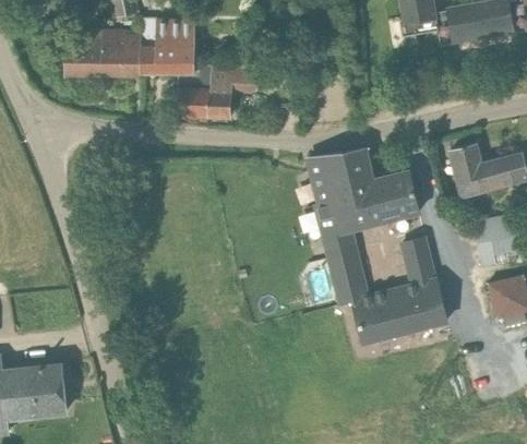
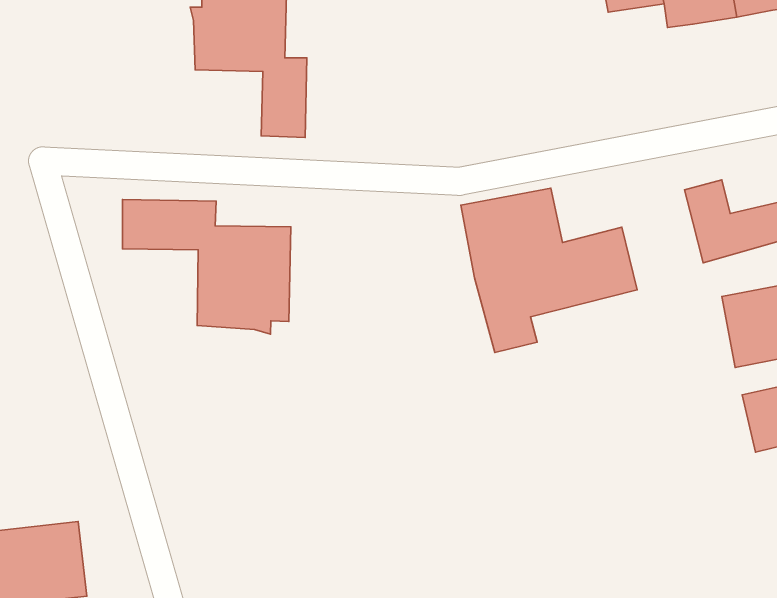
building: [67,32,135,72] -> none
building: [206,64,259,117] -> none
building: none -> [123,200,291,334]
building: [325,235,448,345] -> none

